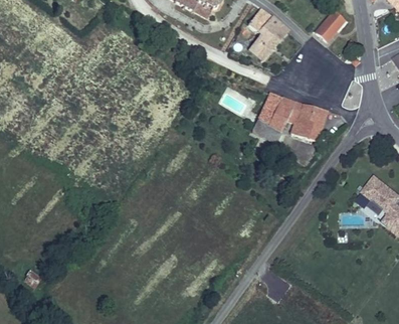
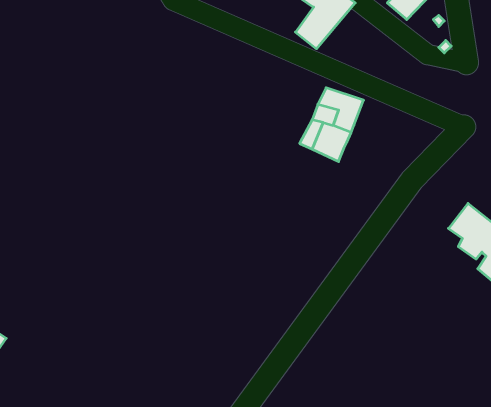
building: [285,101,330,142] -> none

